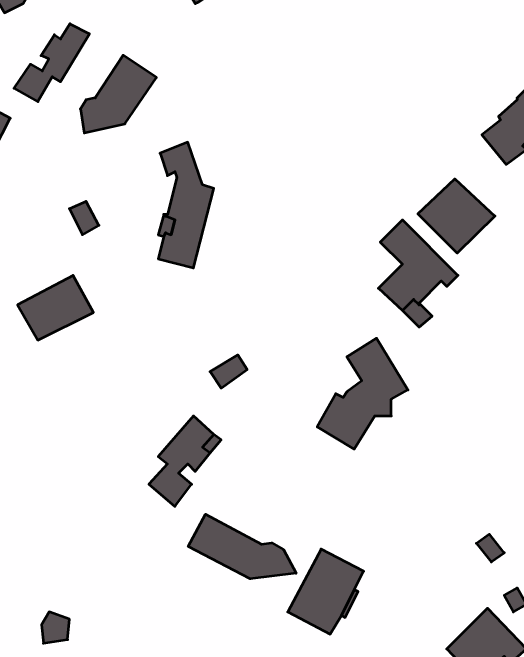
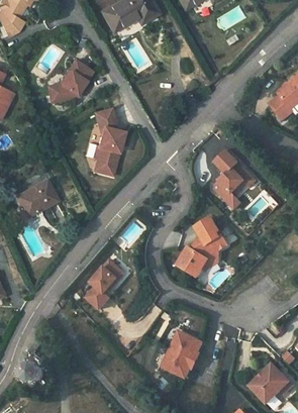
building: [14,24,89,102] -> none
building: [418,179,495,253] -> none
building: [188,514,296,579] -> none

